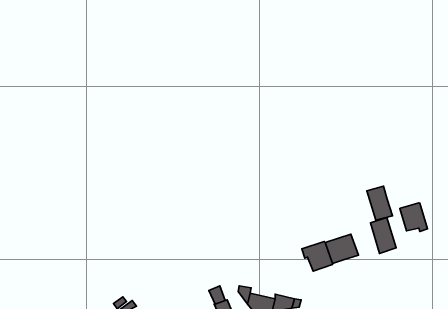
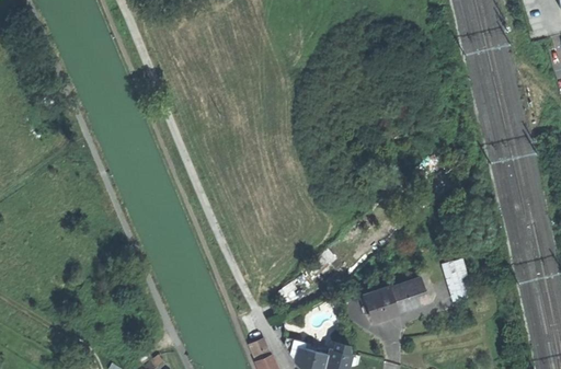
building: [367,186,392,220] -> none
building: [400,203,428,231] -> none

